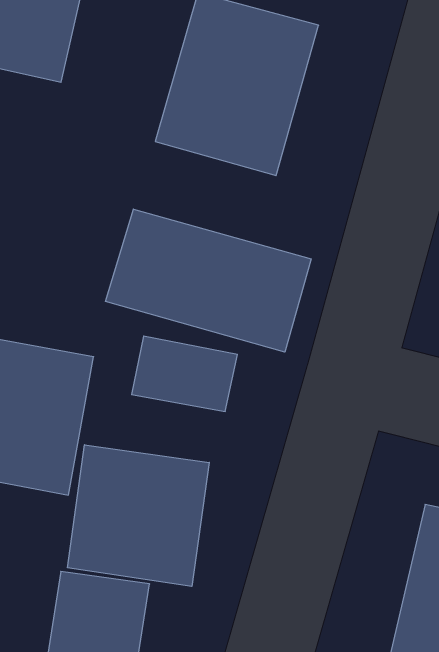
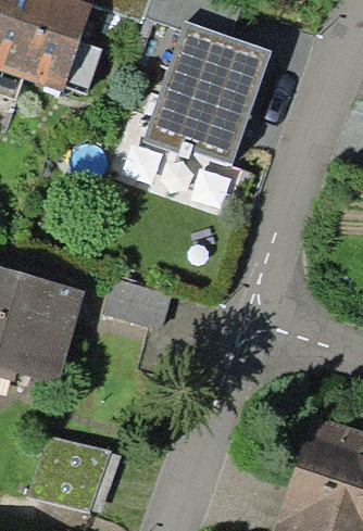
building: [106,209,311,352] -> none
building: [68,445,209,586] -> none

